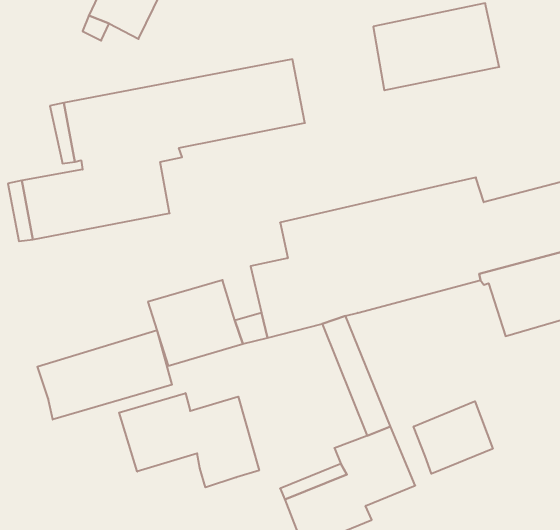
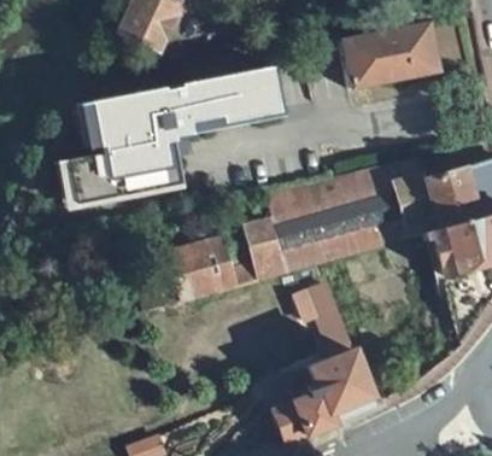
building: [37,330,172,420] -> none
building: [119,393,259,487] -> none
building: [414,401,493,474] -> none

